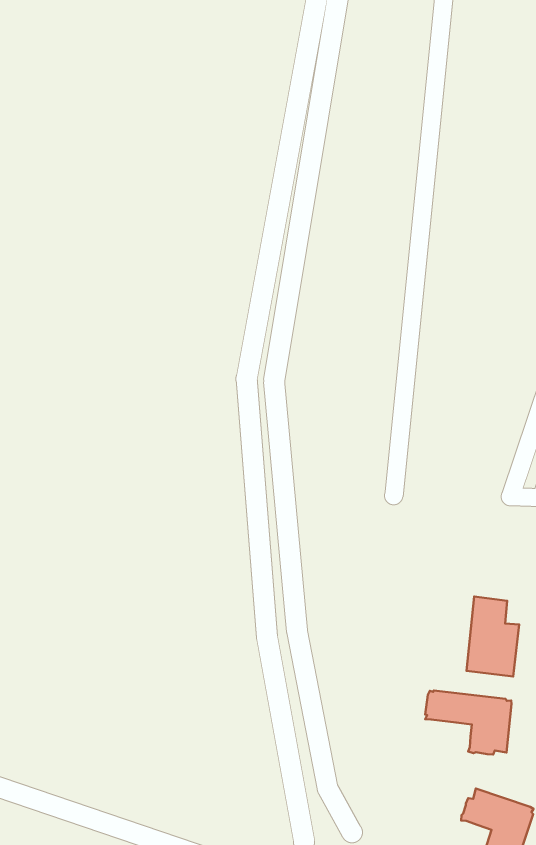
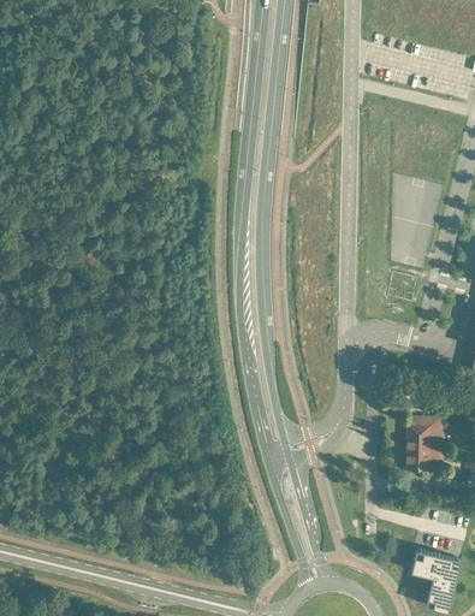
building: [425,690,512,755] -> none

